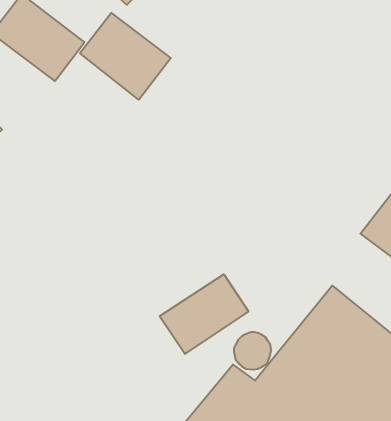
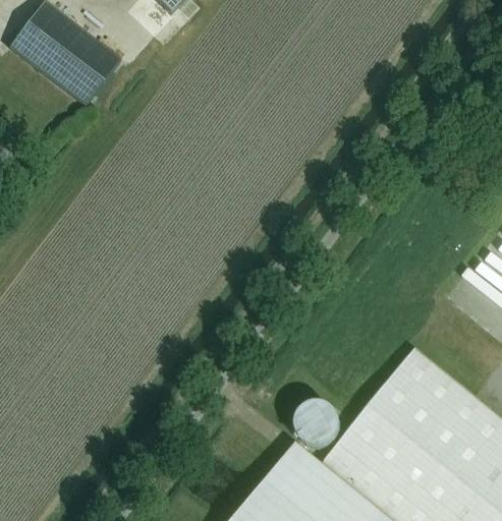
building: [80,13,171,100] -> none
building: [160,274,248,354] -> none

